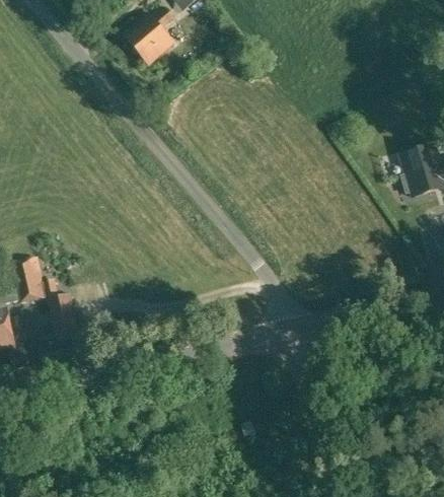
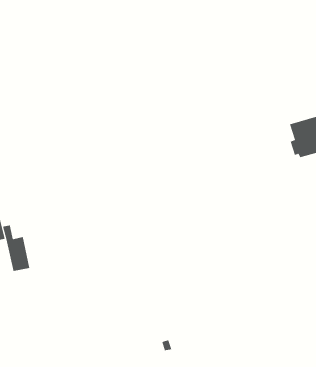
building: [125,7,176,65] -> none

